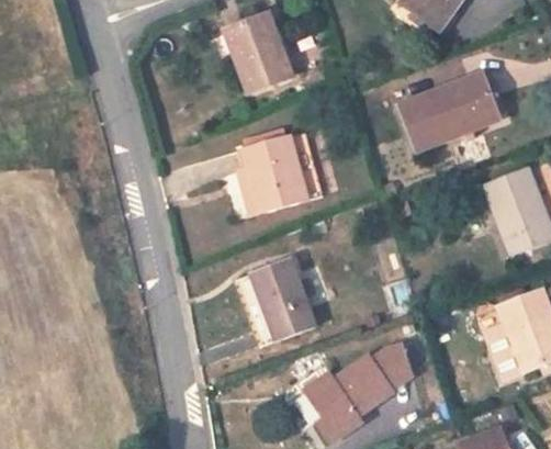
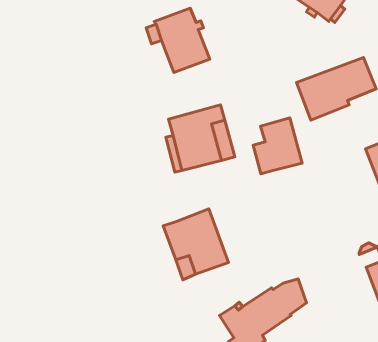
building: none -> [253,118,302,174]

